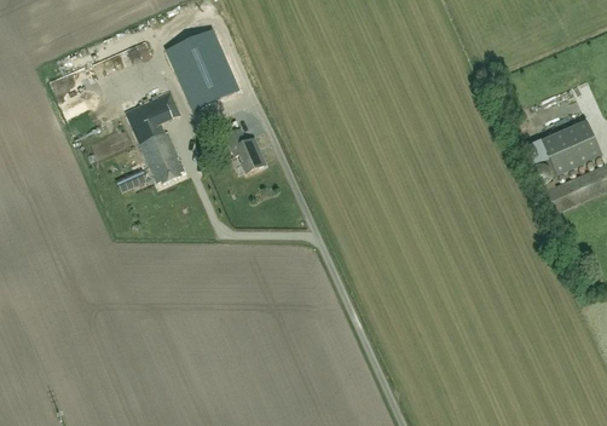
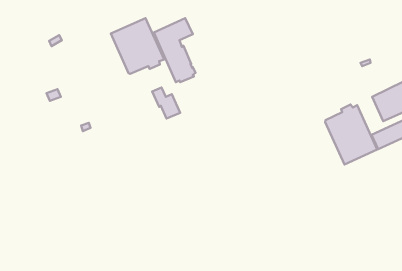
building: [123,92,183,184] -> [154,18,195,82]
building: none -> [325,105,377,165]

